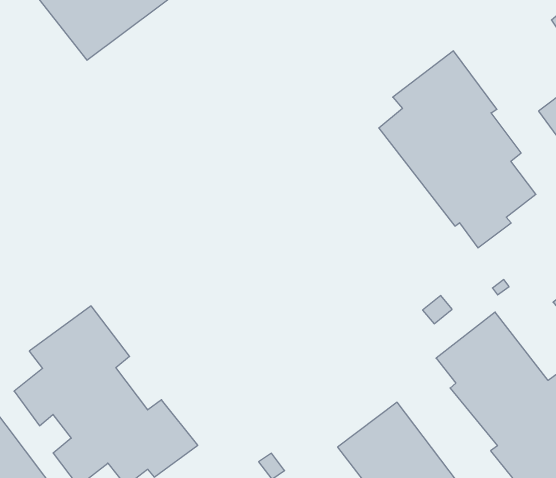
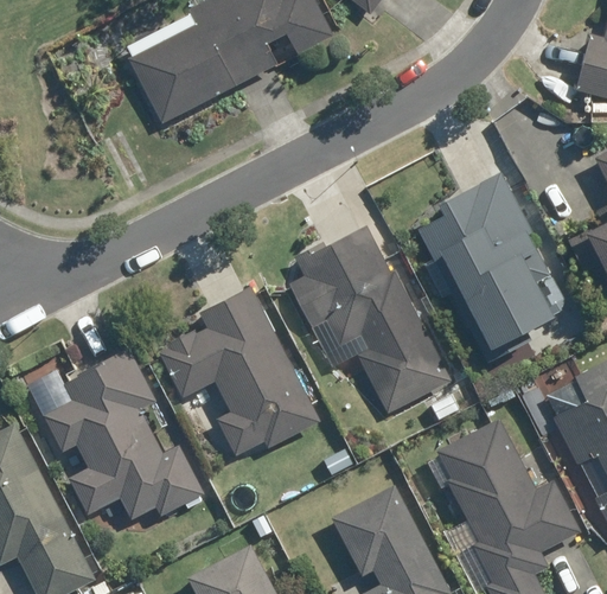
building: none -> [288,225,451,413]
building: none -> [159,287,319,456]

